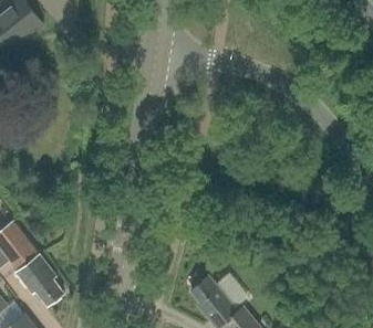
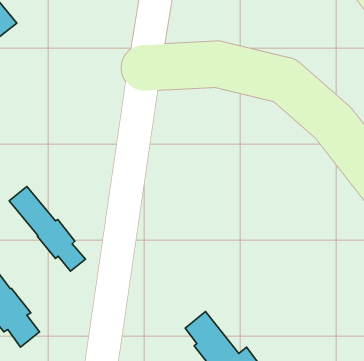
building: none -> [9,186,86,271]

